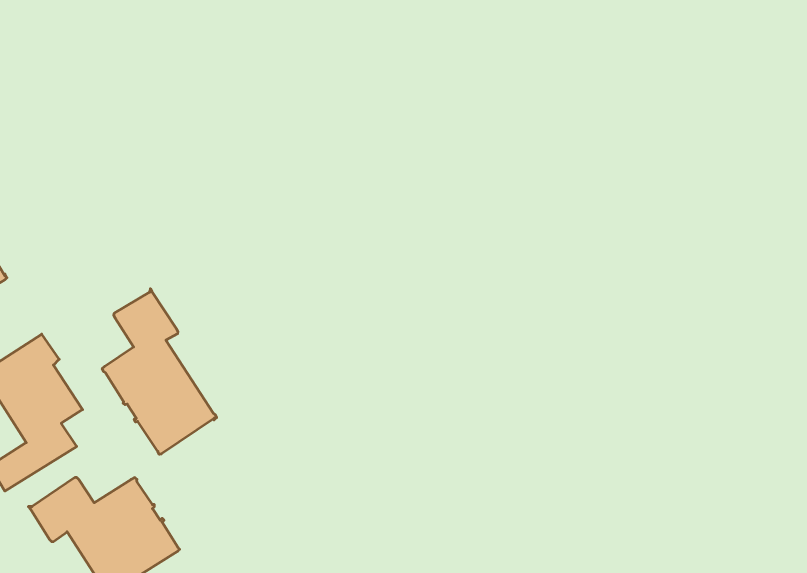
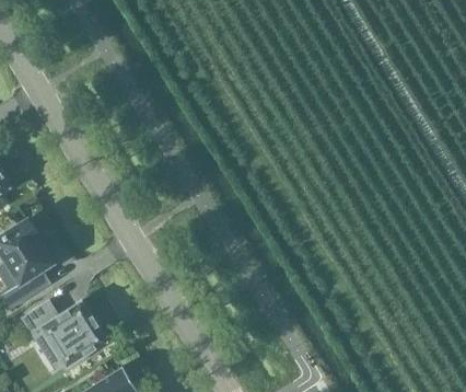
building: [102,289,217,454] -> none

